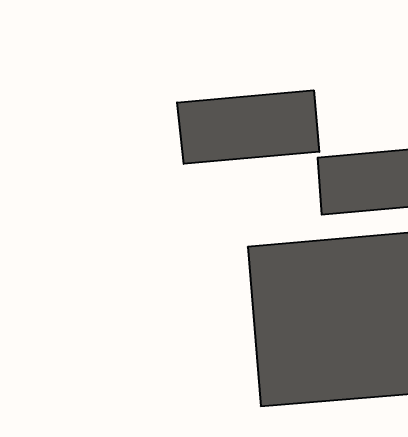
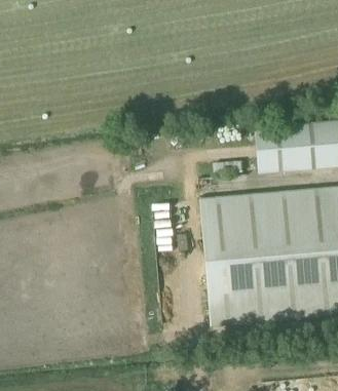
building: [177,90,319,164] -> none

